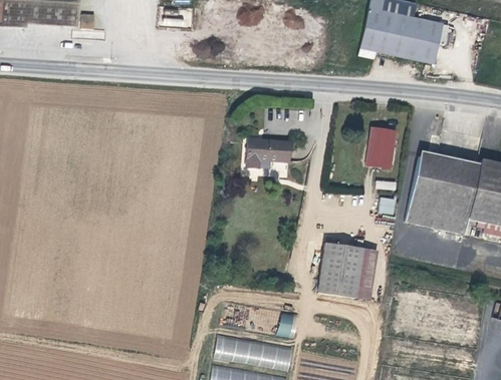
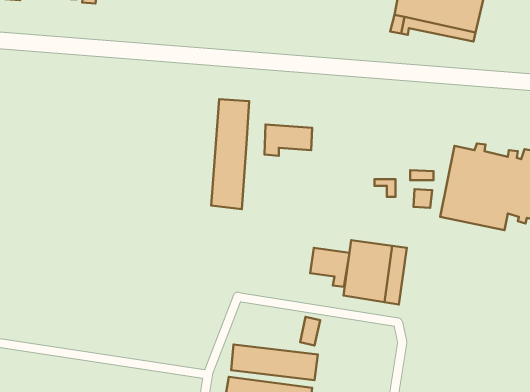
building: none -> [211,99,249,209]
building: [366,127,396,167] -> none
building: none -> [310,248,349,287]

